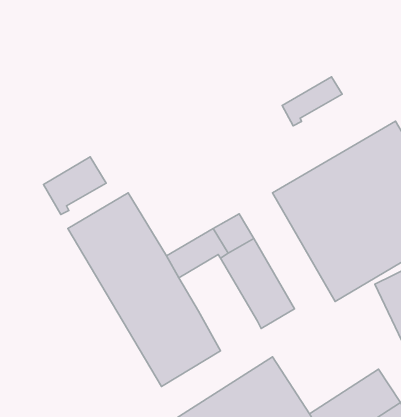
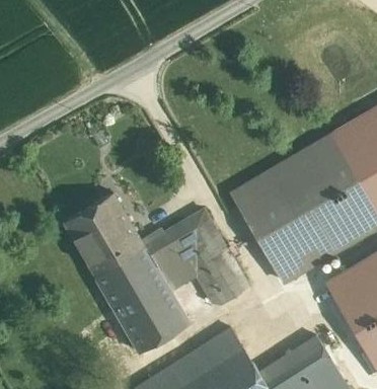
building: [282,77,342,126] -> none
building: [44,157,106,215] -> none
building: none -> [154,244,219,303]

